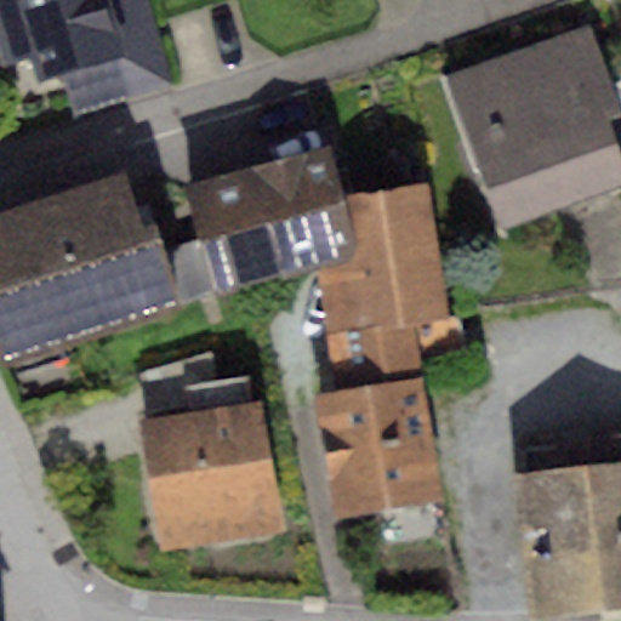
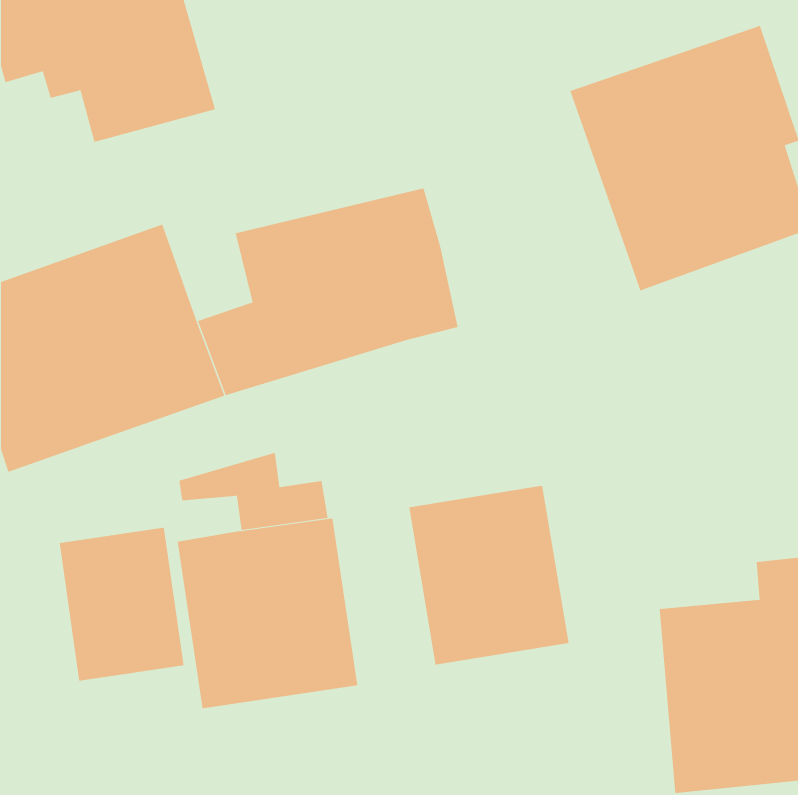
building: [319,181,449,391] -> none
building: none -> [59,527,184,682]

